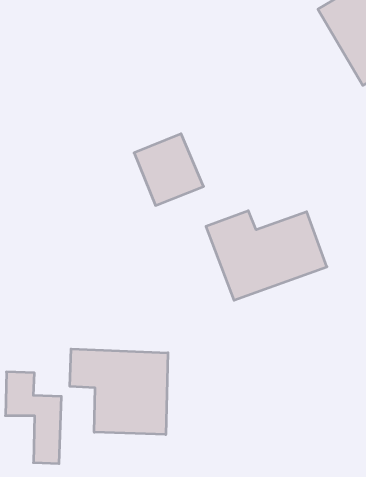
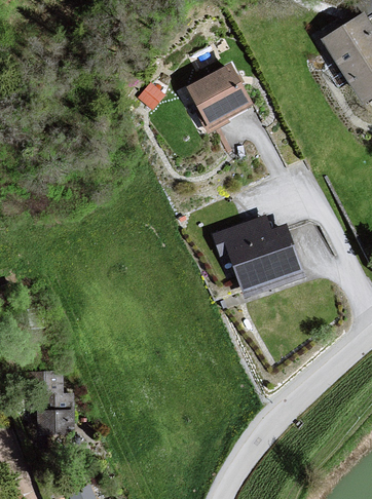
building: [134,134,204,205] -> [192,70,256,136]
building: [70,349,168,435] -> none

